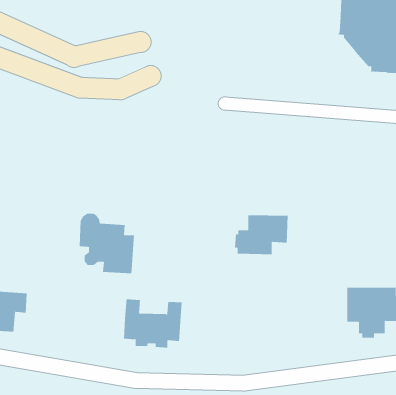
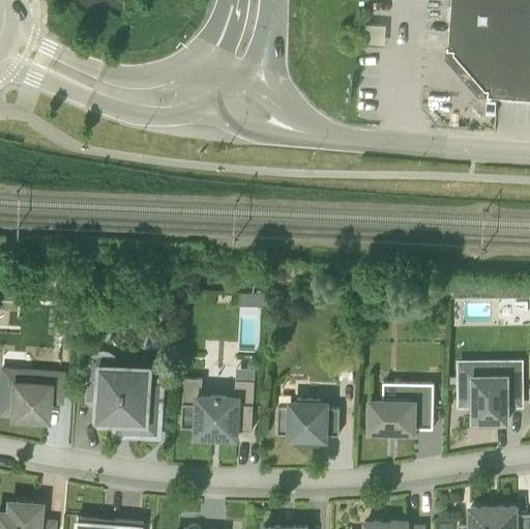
building: [79,213,135,274] -> [89,358,158,434]
building: [234,215,288,255] -> [366,383,434,433]
building: none -> [277,399,340,442]

